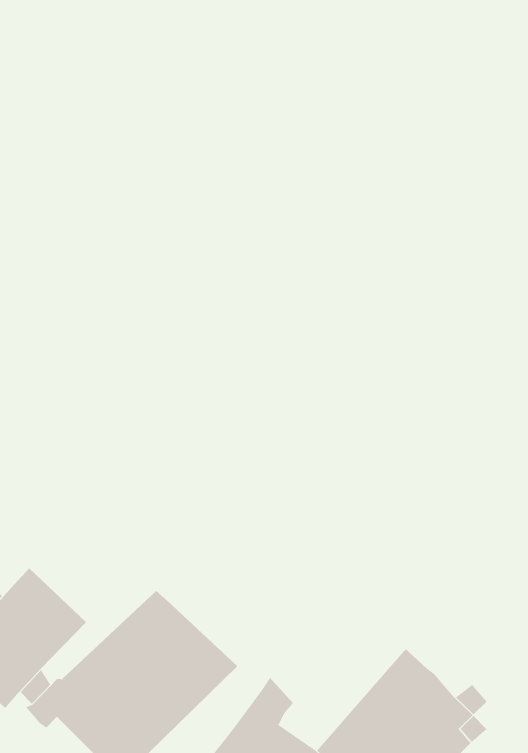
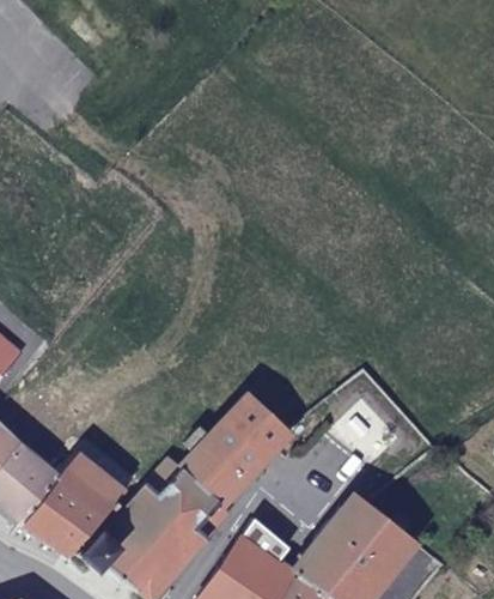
building: none -> [177,391,295,512]

